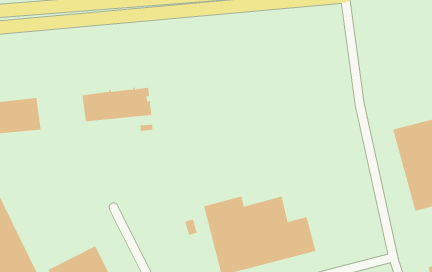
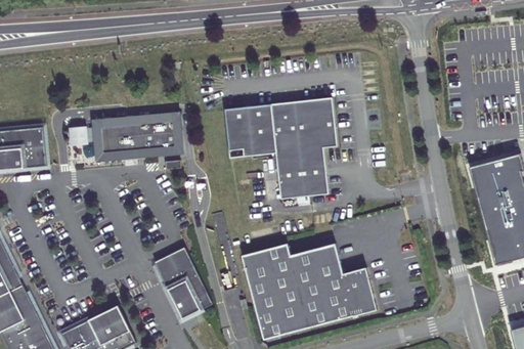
building: none -> [226,97,340,205]
building: none -> [73,128,100,145]
building: none -> [150,245,211,317]

